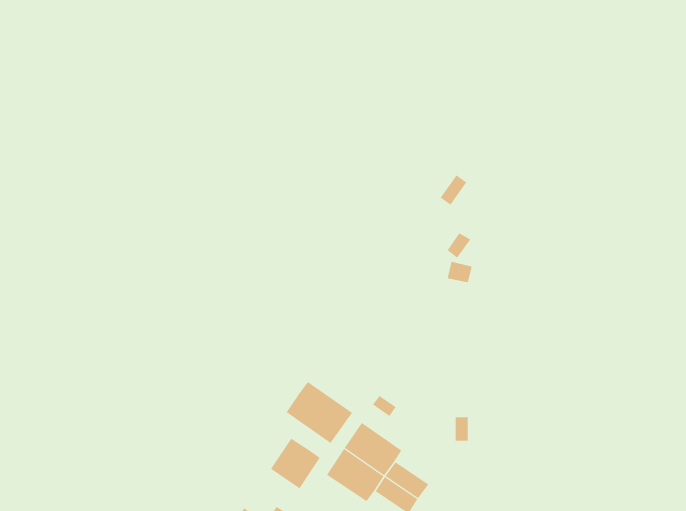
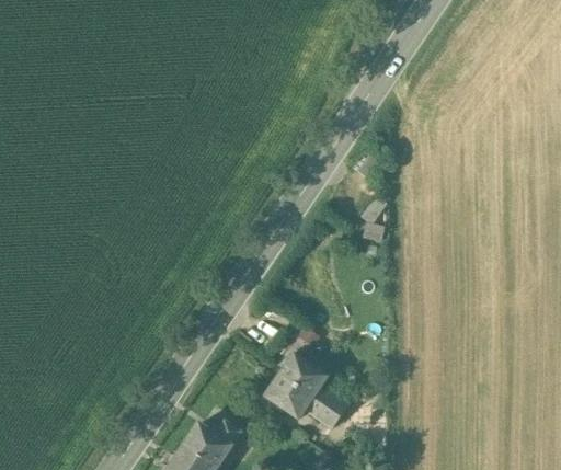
building: [286,381,353,444] -> none
building: [270,438,321,489] -> none

